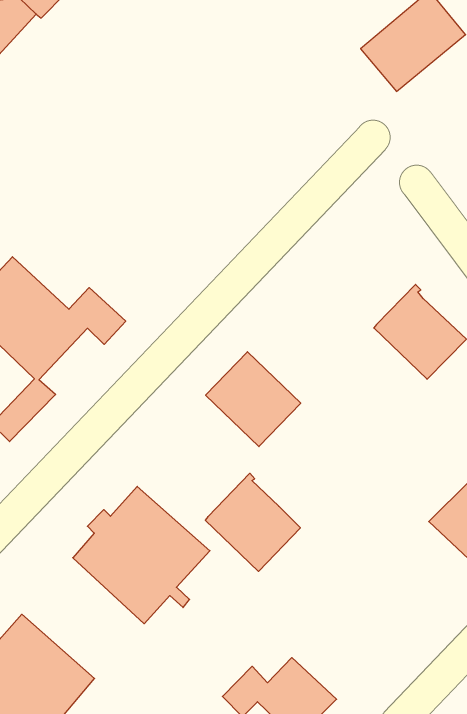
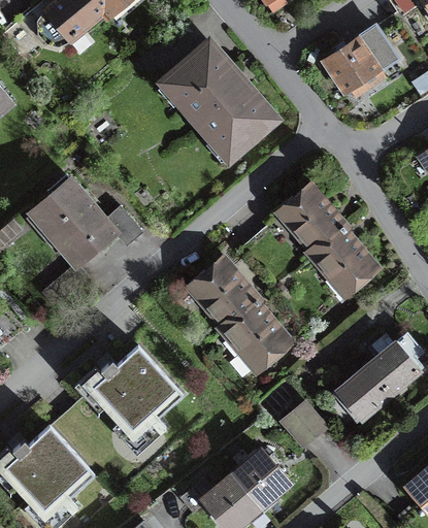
building: none -> [164,44,273,158]
building: none -> [281,189,343,253]
building: [205,473,300,571] -> [222,301,287,369]
building: none -> [281,402,326,448]
building: none -> [231,450,289,507]

